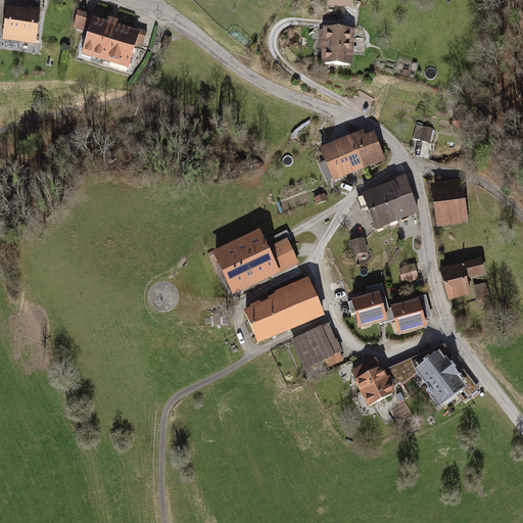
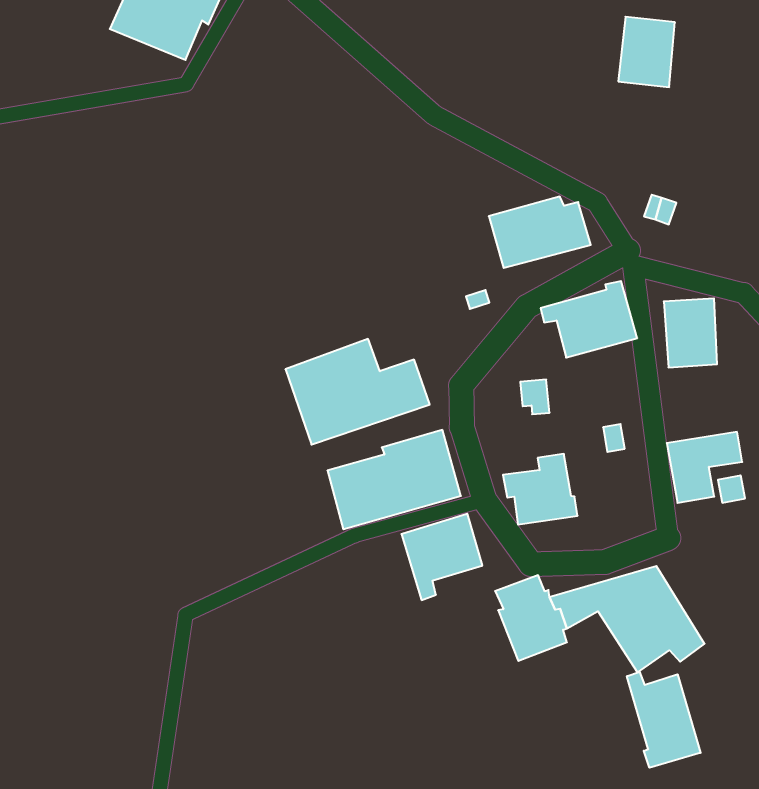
building: [320,26,350,64] -> [618,17,675,87]
building: [389,293,431,333] -> none
building: none -> [627,672,701,768]

